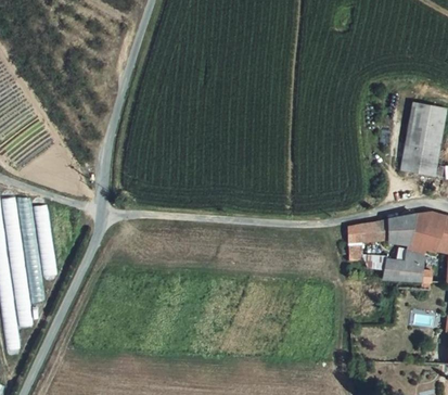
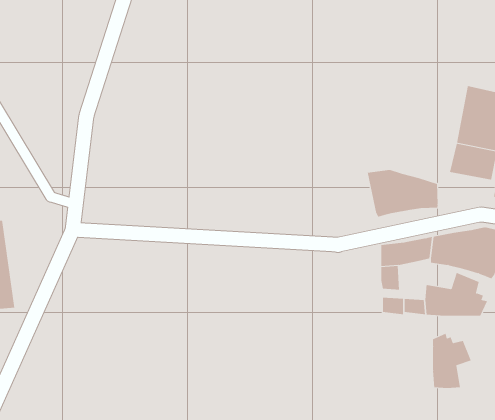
building: none -> [367,169,438,218]
building: none -> [433,333,472,389]

